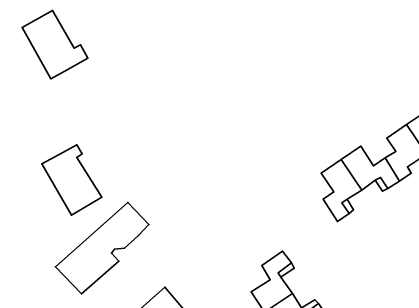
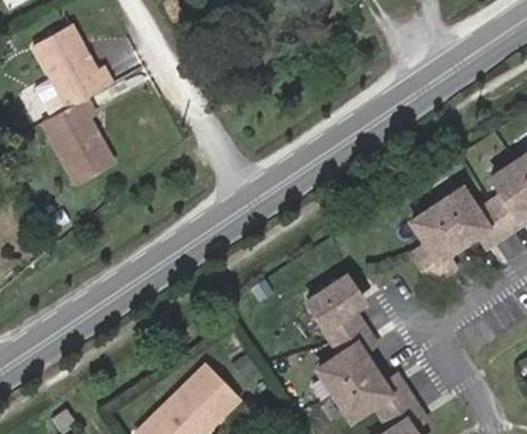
building: [42,145,102,215] -> [45,100,119,187]
building: [56,202,149,294] -> none
building: none -> [305,275,358,339]

